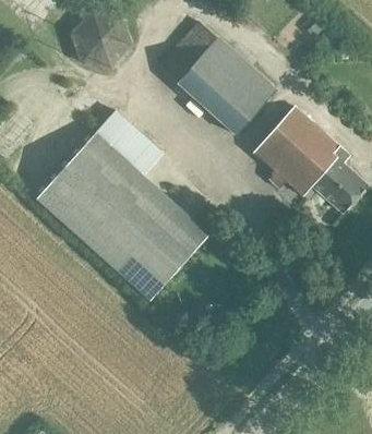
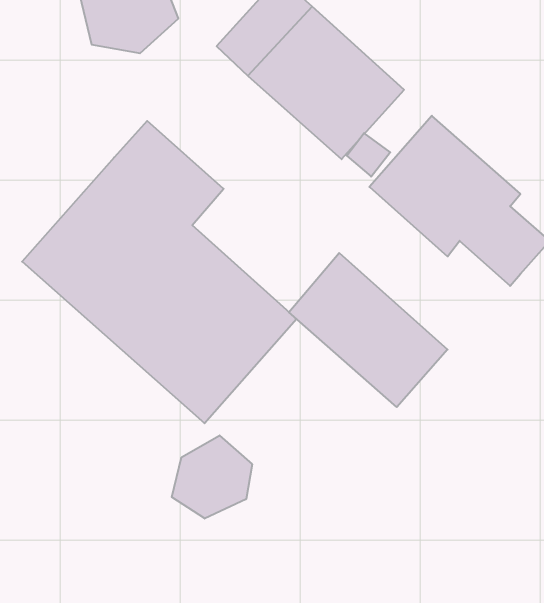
building: none -> [289,253,448,407]
building: none -> [172,435,252,519]

